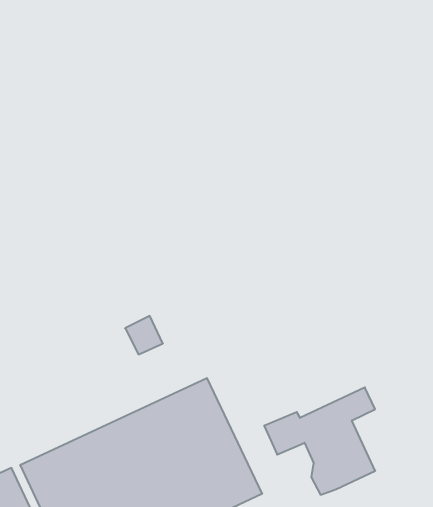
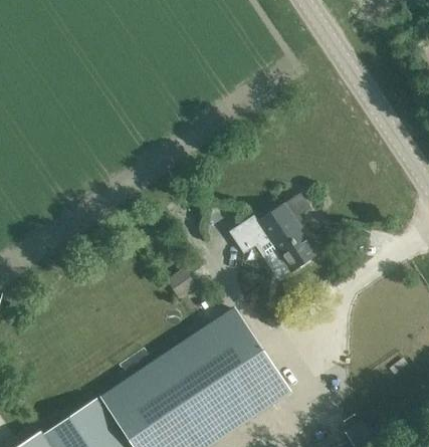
building: [264,387,375,495] -> [229,193,317,278]

